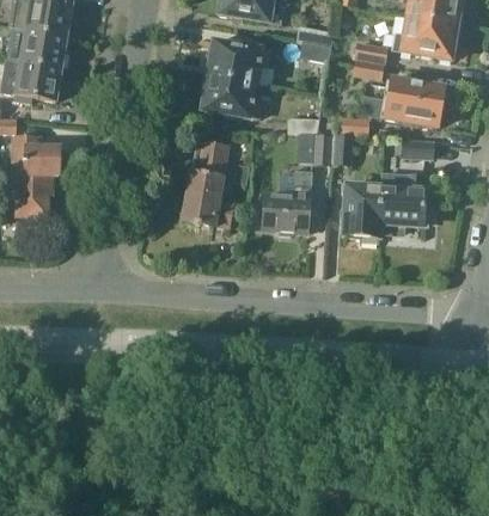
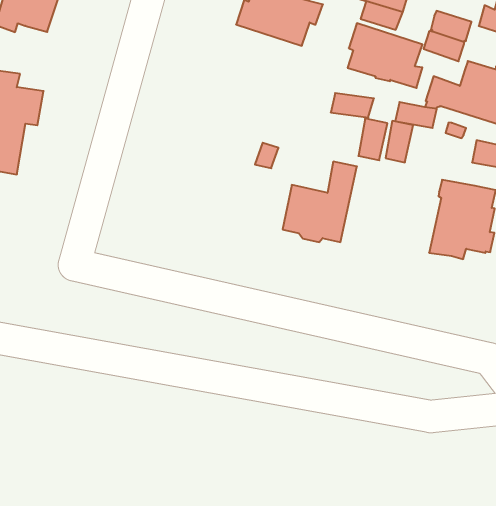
building: [200,74,259,118] -> [348,23,423,88]
building: [183,140,233,227] -> none
building: [342,184,383,241] -> none

